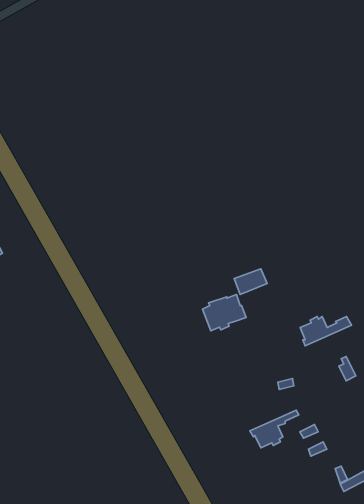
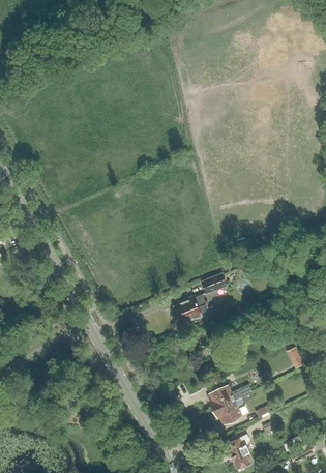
building: [300,317,351,346] -> [210,385,254,410]
building: none -> [226,434,250,468]

